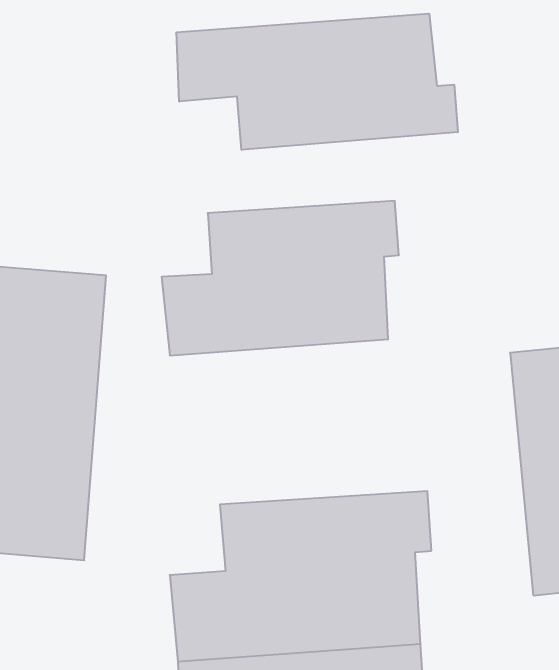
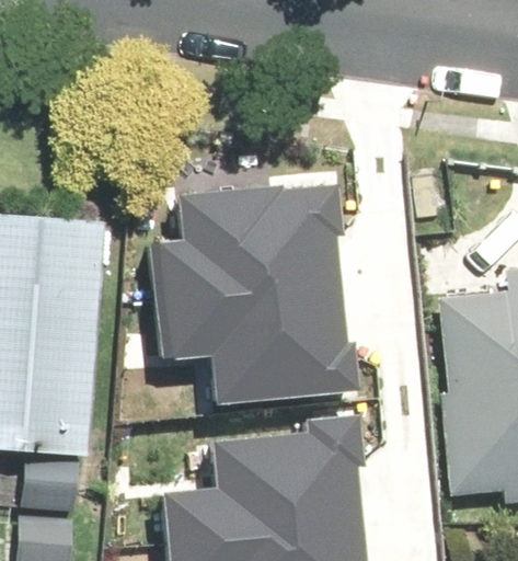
building: [177,14,458,150] -> none
building: none -> [158,290,354,404]

